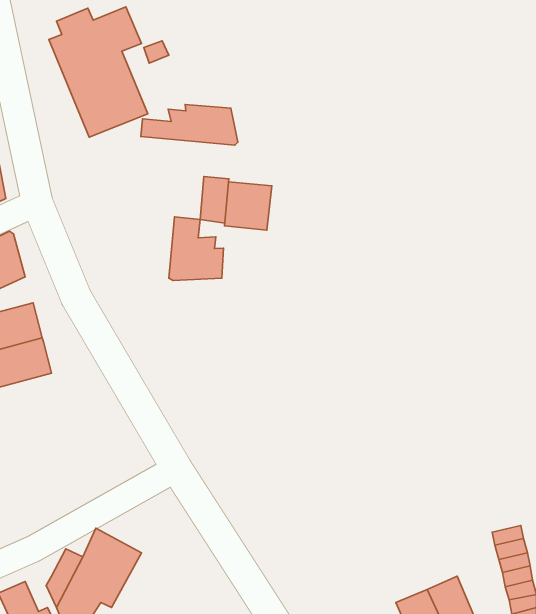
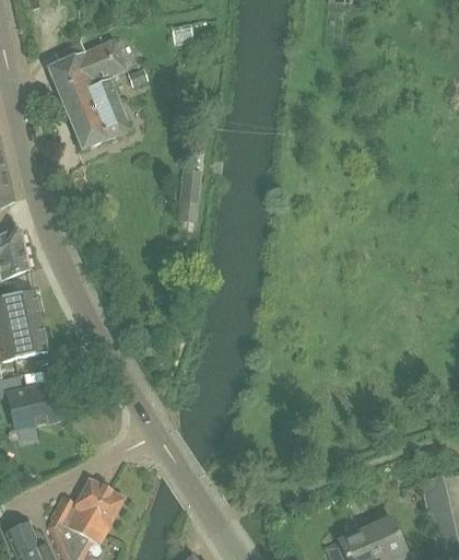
building: [141,105,238,145] -> none
building: [225,182,272,230] -> none
building: [169,217,224,280] -> none
building: none -> [12,381,67,429]

